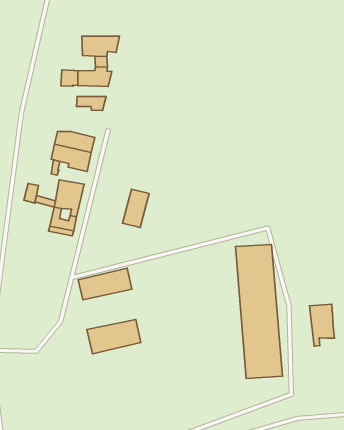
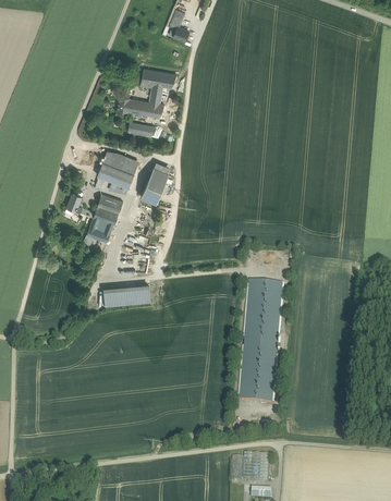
building: [122,189,149,228] -> [140,167,169,203]
building: [309,304,334,346] -> none
building: [87,320,141,354] -> none

